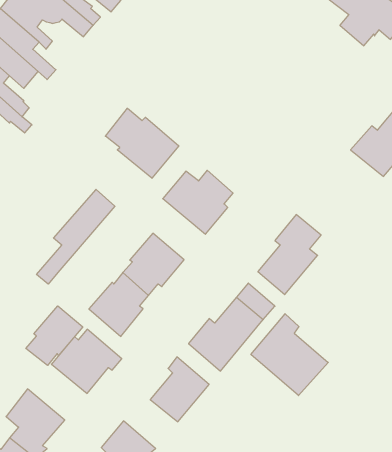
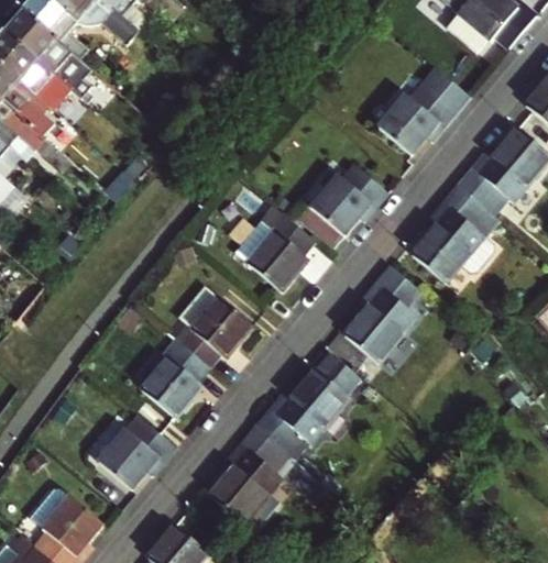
building: none -> [377,67,469,155]
building: [105,108,179,178] -> none
building: none -> [309,165,386,235]
building: none -> [412,186,498,283]
building: [37,189,115,284] -> none
building: [26,306,83,365] -> none
building: [251,314,328,396] -> none

